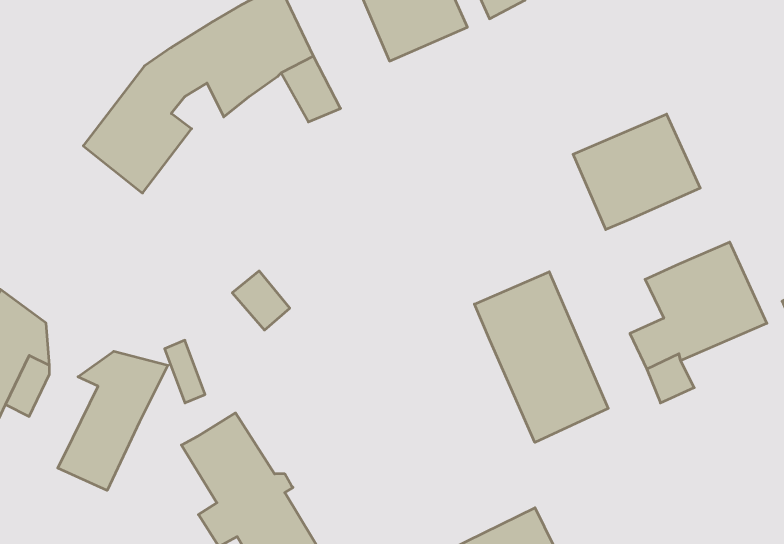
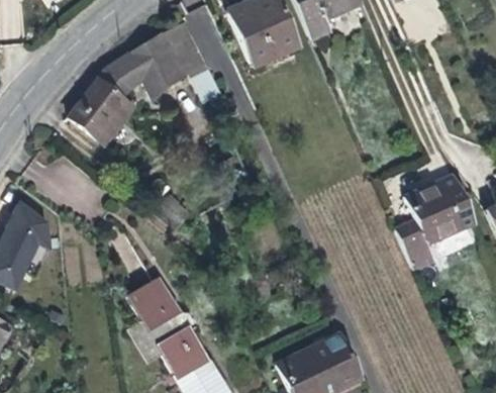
building: [573,114,700,230] -> none
building: [474,272,608,442] -> none
building: [58,351,168,490] -> none

